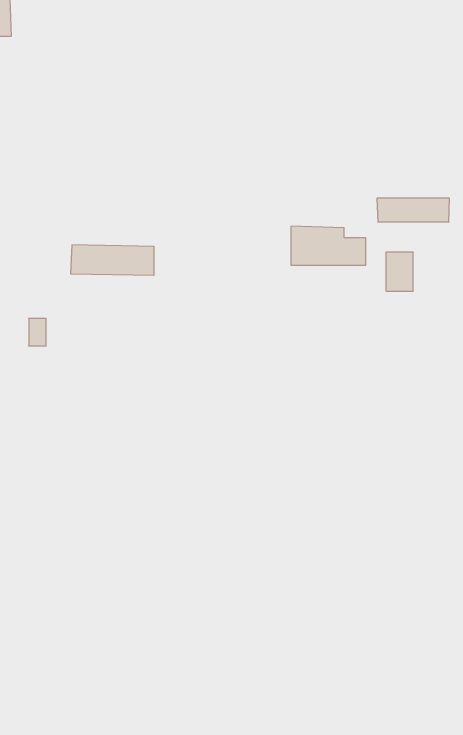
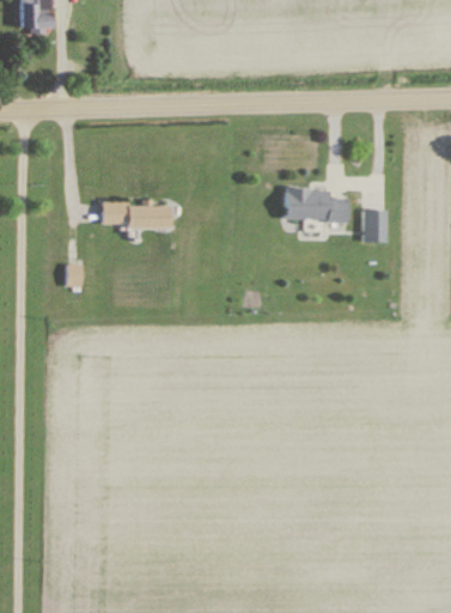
building: [377,198,449,222] -> none

